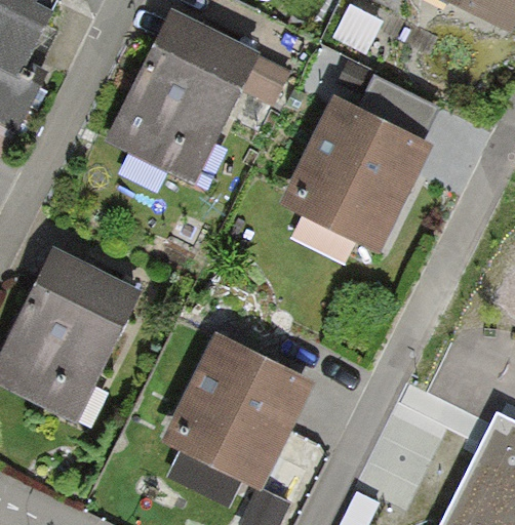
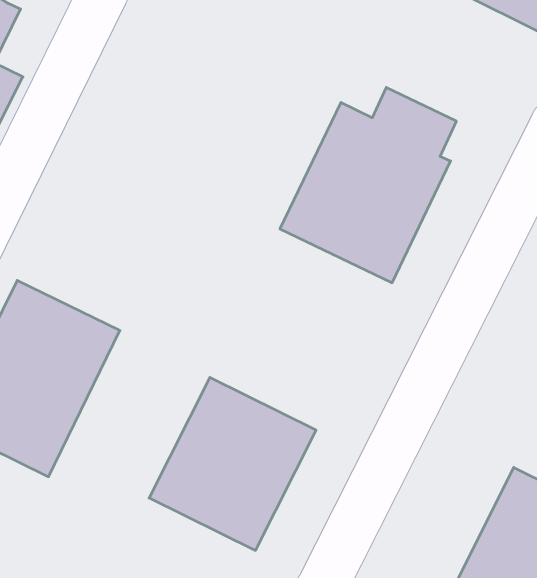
building: [107,10,292,184] -> none

